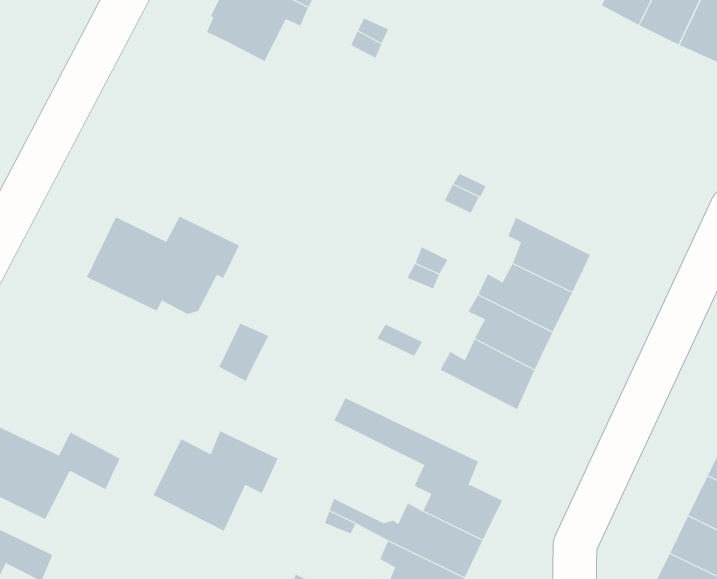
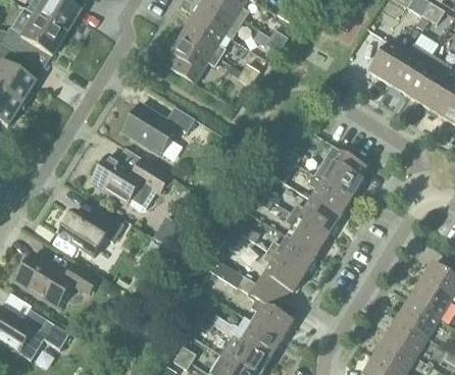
building: none -> [123,103,196,154]
building: none -> [314,148,364,199]
building: none -> [256,250,305,300]
building: [153,431,278,532] -> [58,206,124,258]

